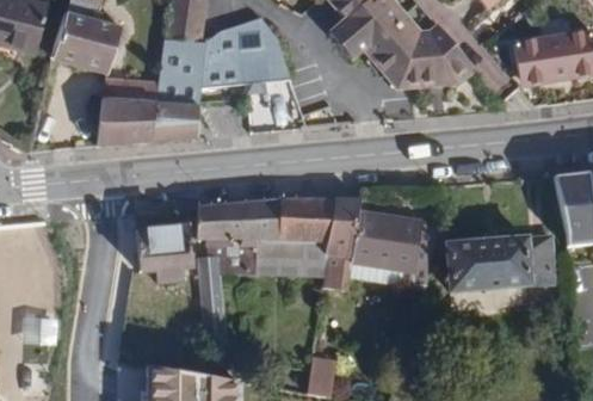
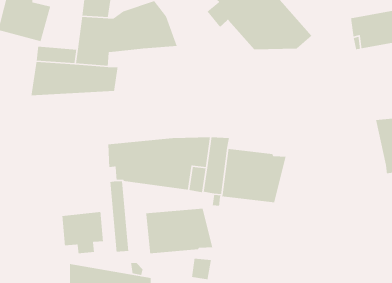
building: [136,223,192,280] -> [62,211,104,254]
building: [446,234,555,289] -> none
building: none -> [144,208,213,254]

